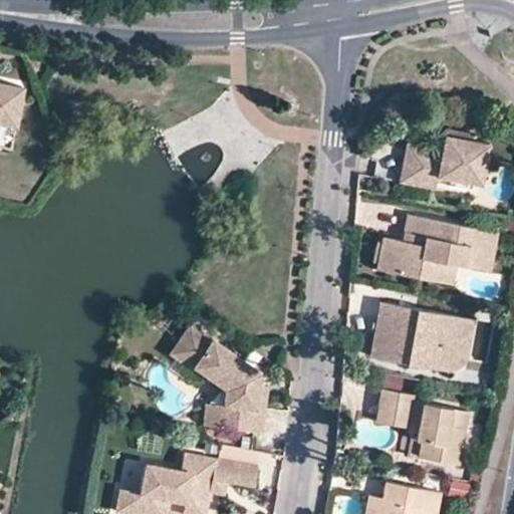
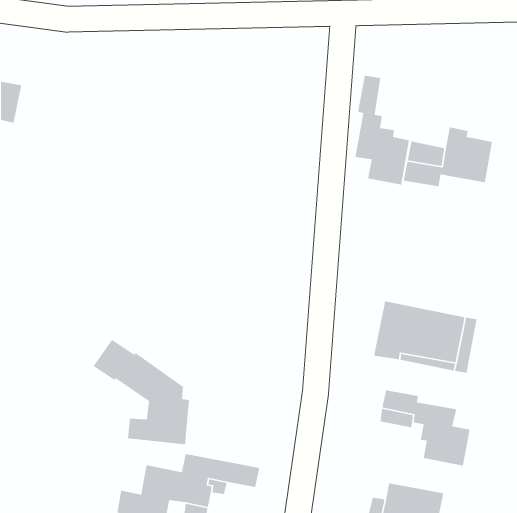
building: none -> [354,75,410,185]
building: [376,216,497,281] -> none
building: [170,327,266,433] -> [93,339,190,445]

